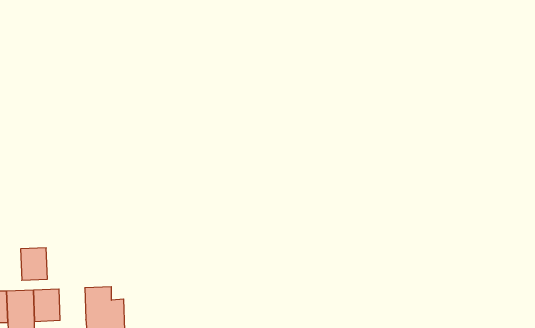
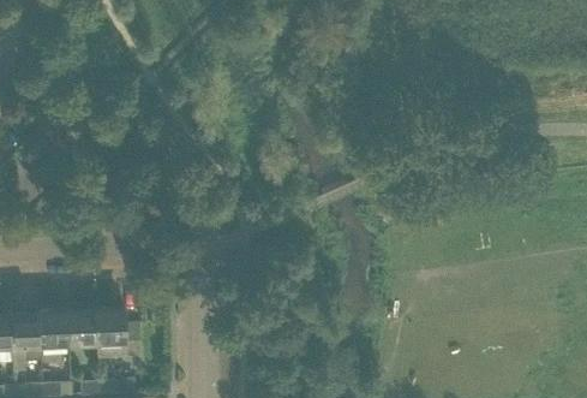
building: [21,248,47,280] -> [66,313,95,347]

